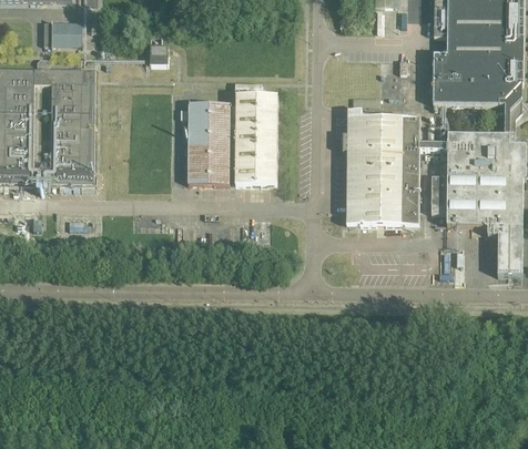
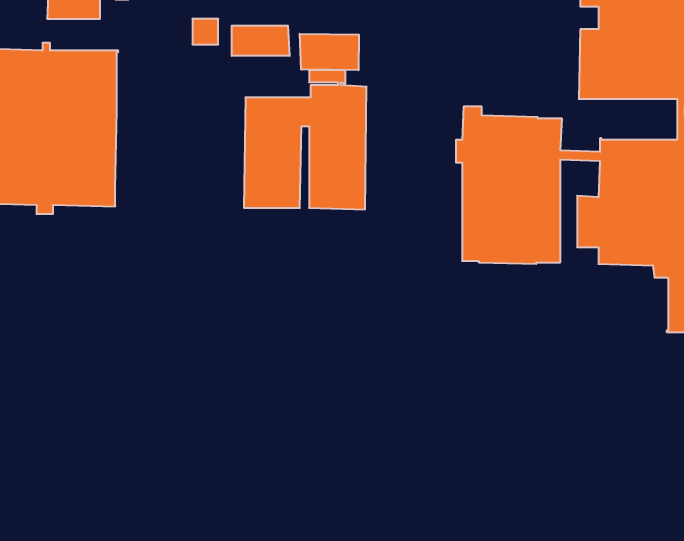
building: none -> [232,26,290,56]
building: none -> [300,34,359,70]

